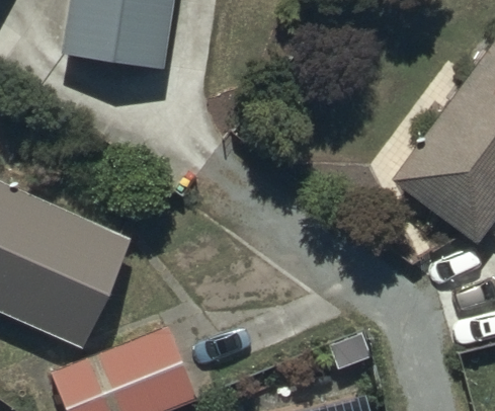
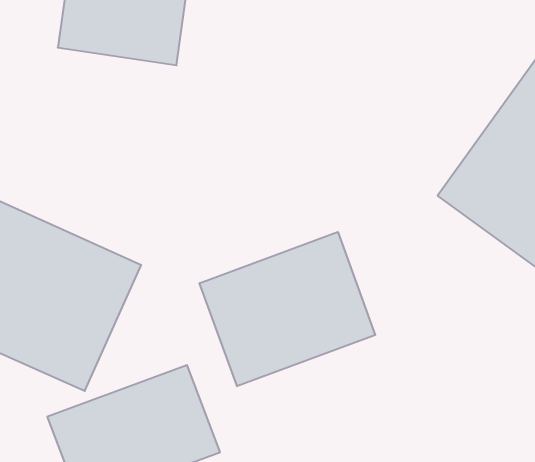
building: none -> [200,232,375,386]

